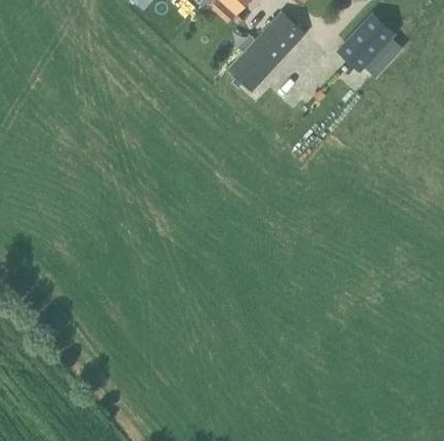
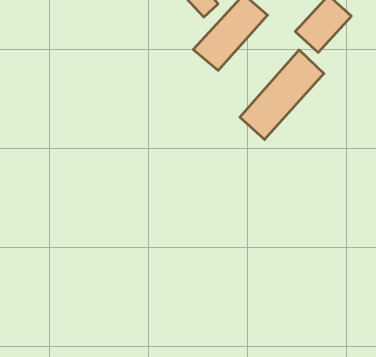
building: none -> [240,50,324,140]

